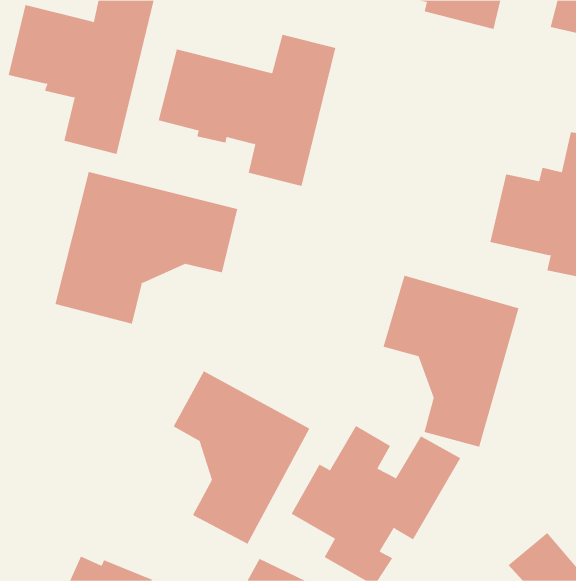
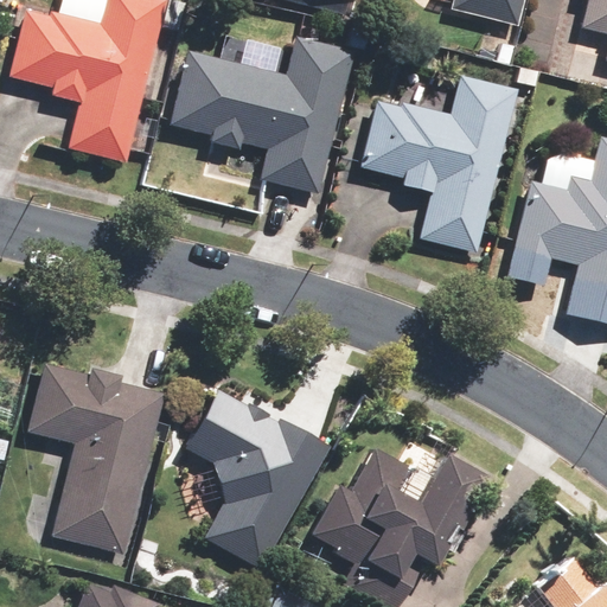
building: none -> [360,77,517,249]
building: [55,171,238,324] -> none
building: [383,275,519,448] -> none
building: none -> [28,360,164,551]

